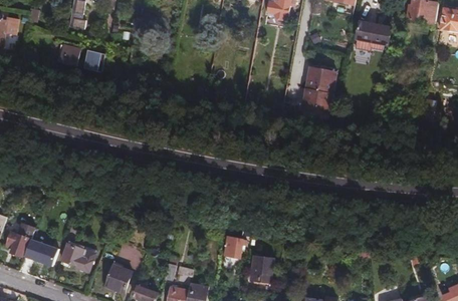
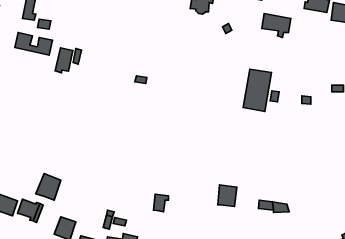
building: none -> [55,48,73,73]
building: [299,66,333,117] -> [243,69,271,112]
building: none -> [36,174,61,200]
building: [250,256,273,282] -> [218,185,237,206]

